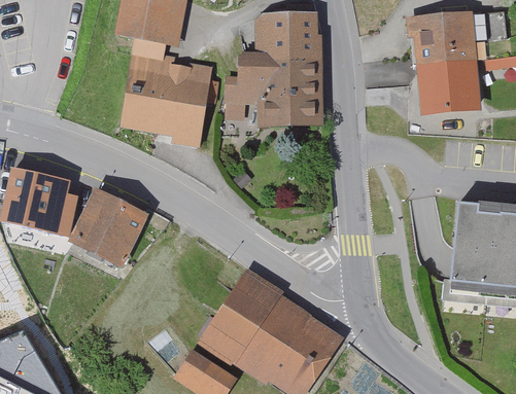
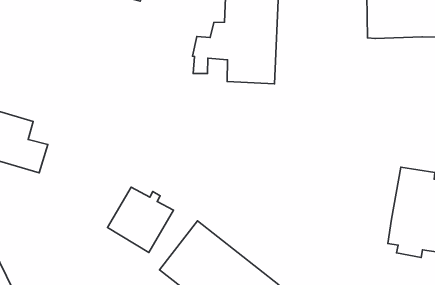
building: [122,55,217,137] -> none
building: [421,62,476,112] -> none
building: [74,194,144,263] -> [107,187,174,252]

